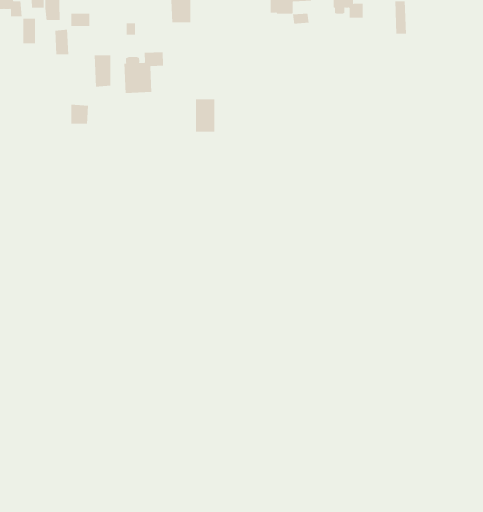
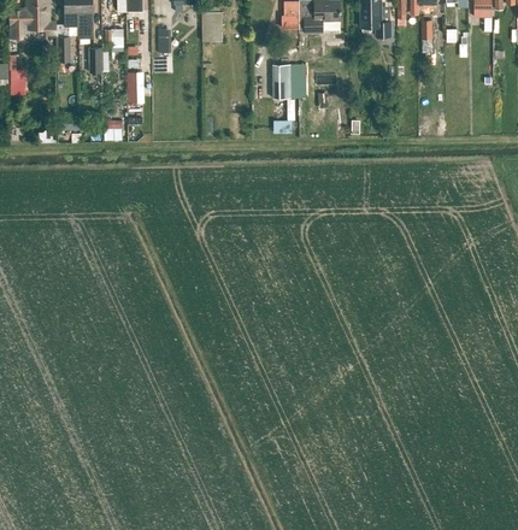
building: [124,52,164,94] -> none
building: [195,99,215,132] -> [275,67,294,100]

